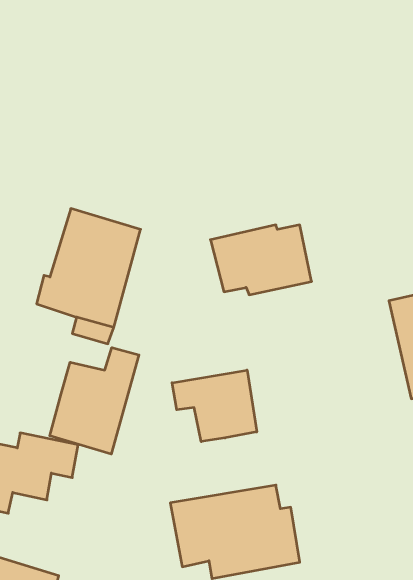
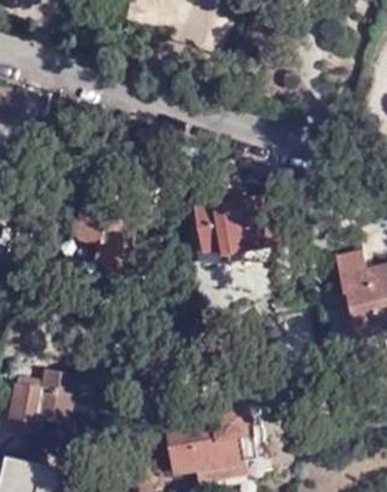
building: [50,348,139,454] -> none
building: [172,370,257,442] -> none

